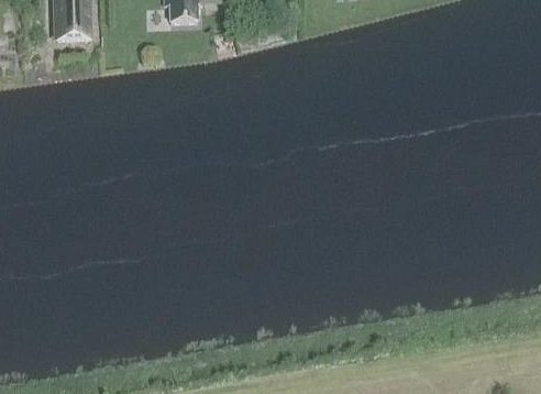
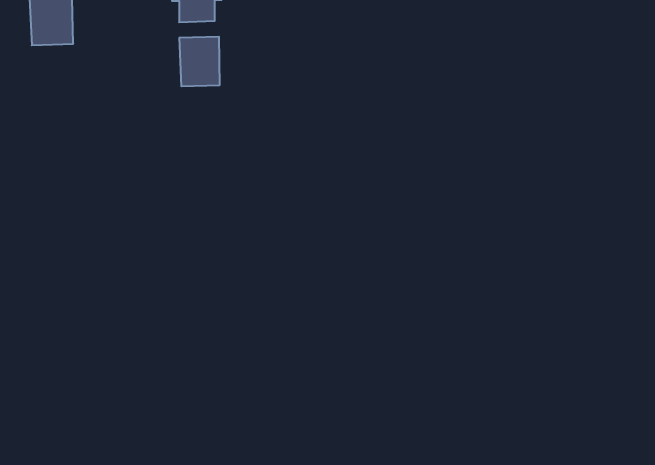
building: none -> [179,37,219,86]

